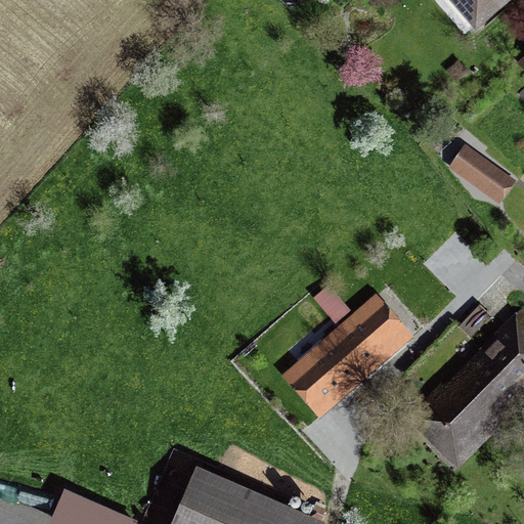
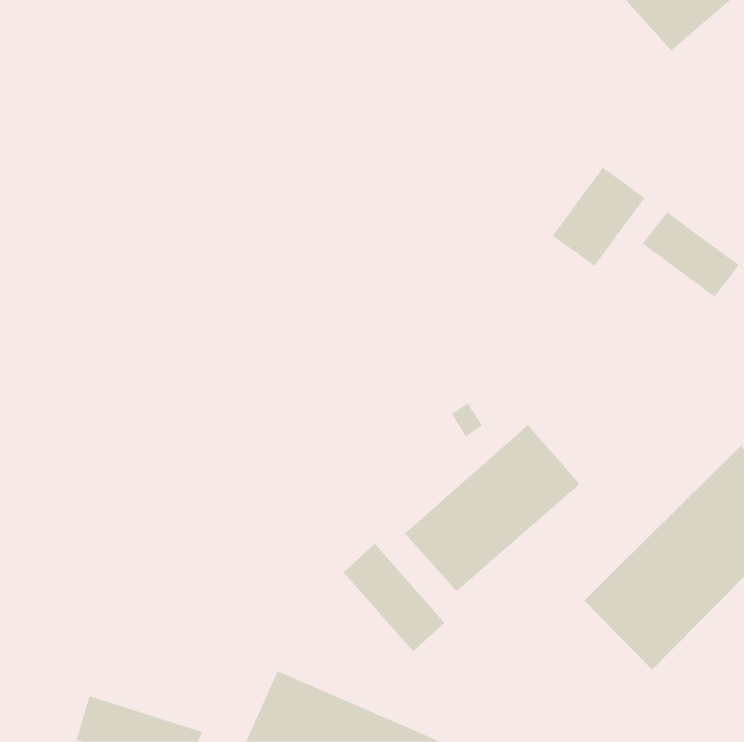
building: none -> [552,167,646,267]
building: none -> [343,543,445,652]

